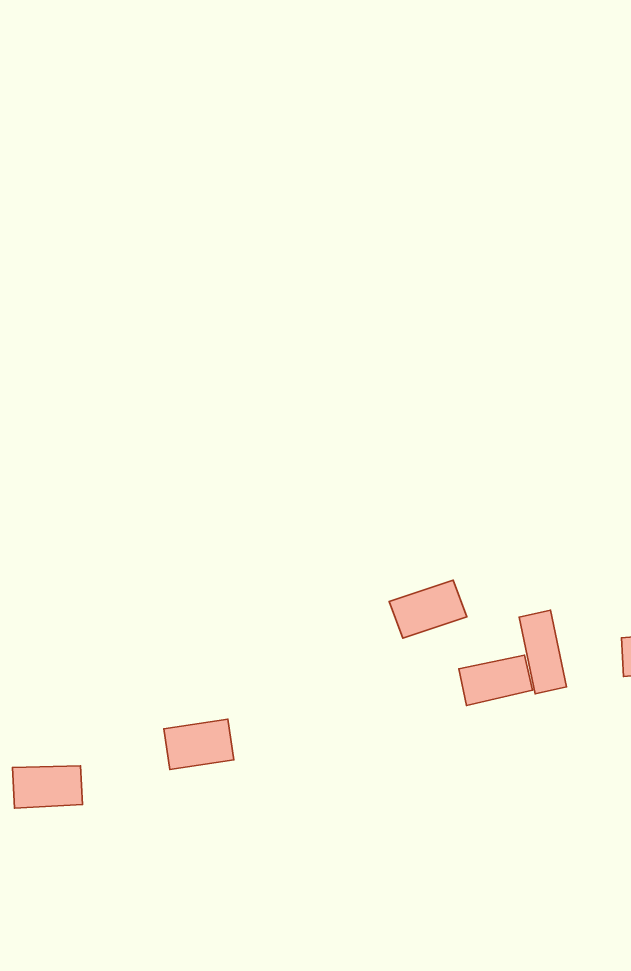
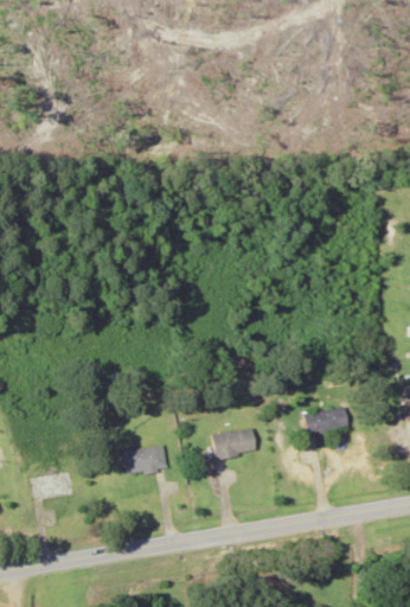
building: [389,580,467,638] -> [210,426,257,461]
building: [519,610,567,694] -> none

